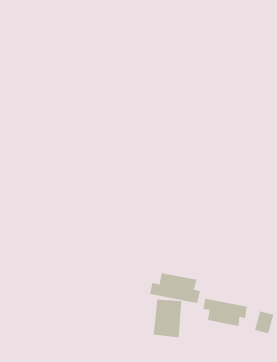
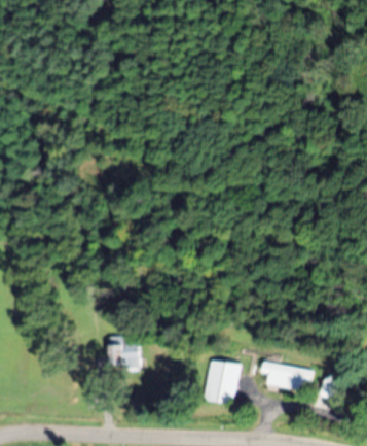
building: [149,273,201,304] -> none
building: none -> [110,334,139,368]

